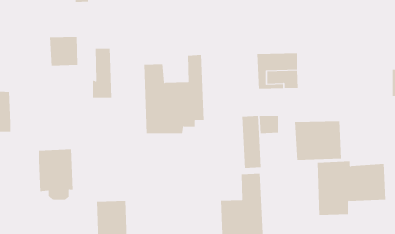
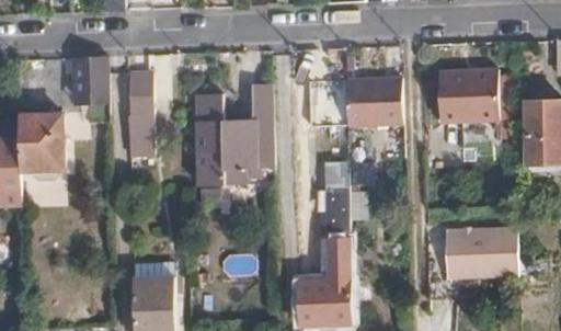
building: [294,121,342,161] -> [436,68,500,121]
building: [38,149,73,200] -> [18,114,65,182]

